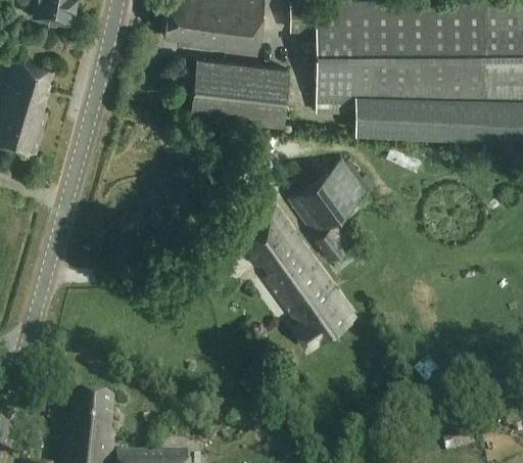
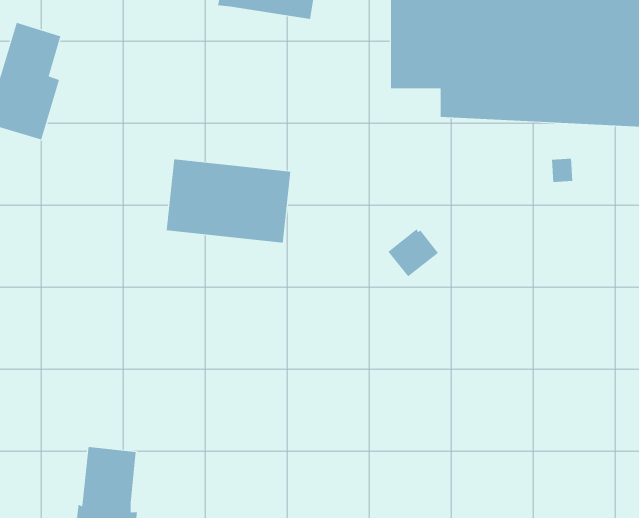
building: [192,60,292,128] -> [166,159,291,243]
building: [284,160,369,239] -> none
building: [238,210,356,351] -> none

